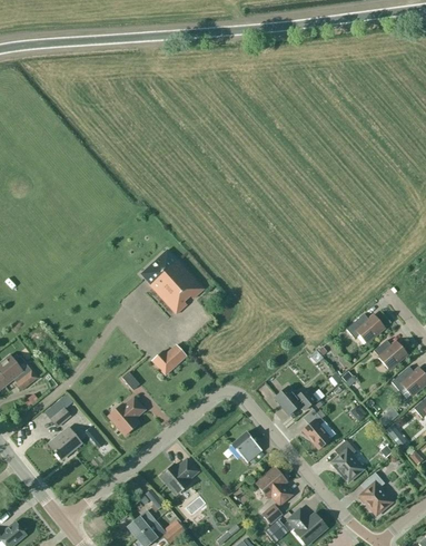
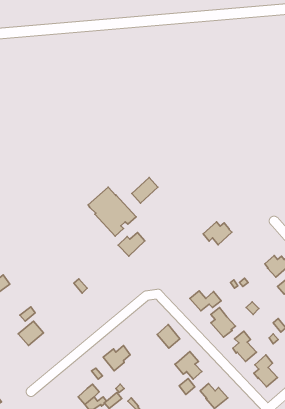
building: none -> [132,177,158,203]
building: [347,313,385,343] -> [203,222,232,245]
building: [151,343,187,374] -> [118,232,145,256]
building: [110,398,145,433] -> none

